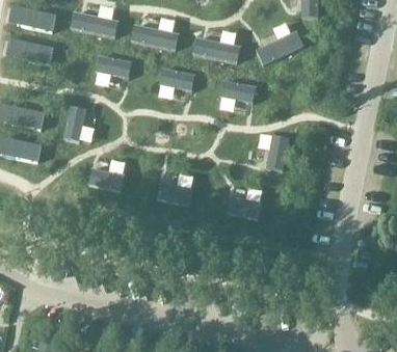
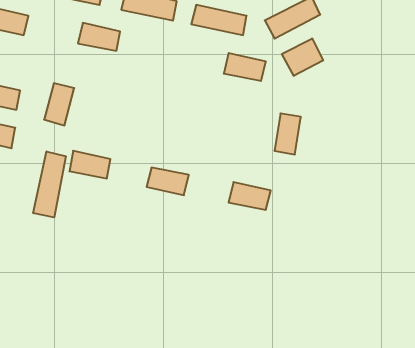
building: none -> [282,38,323,76]
building: [157,67,193,91] -> none
building: none -> [33,151,66,217]

